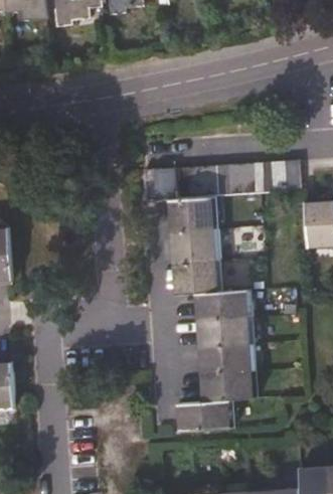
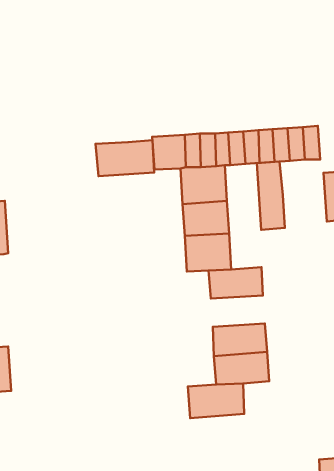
building: none -> [96,140,154,176]
building: none -> [257,162,285,230]
building: [199,316,249,345] -> none

